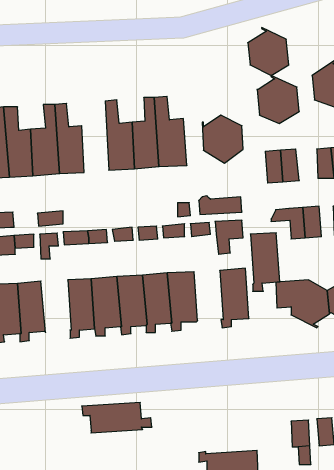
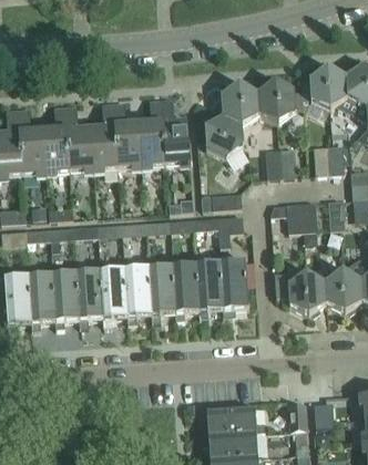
building: [248,28,289,75] -> [219,80,258,125]
building: none -> [90,102,115,169]
building: [250,233,280,291] -> [196,262,224,318]
building: none -> [51,271,80,328]
building: [82,403,152,433] -> [198,407,265,436]

